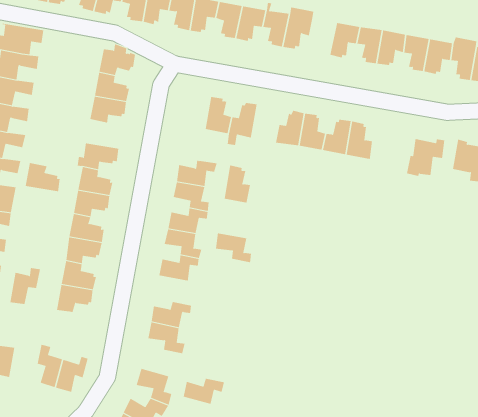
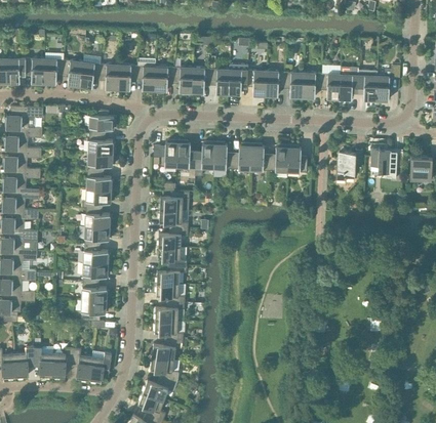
building: none -> [247,70,267,96]
building: none -> [153,139,177,166]
building: [25,163,60,192] -> [86,170,113,189]
building: [224,165,251,203] -> [213,141,233,169]
building: [215,233,252,263] -> [156,283,185,302]
building: [10,268,41,304] -> [52,347,73,376]
building: [183,378,225,405] -> [152,339,183,358]

